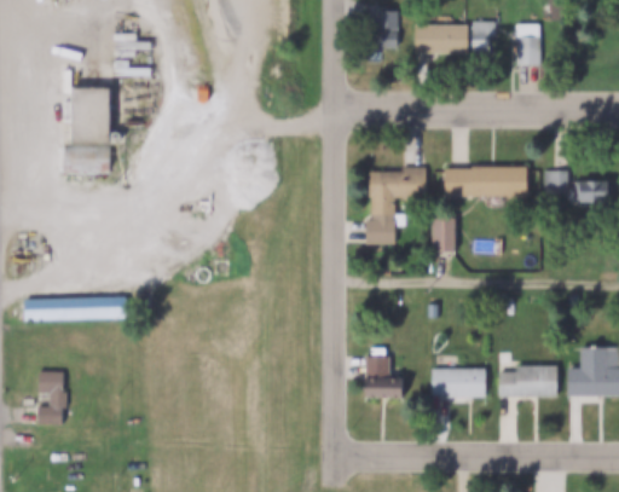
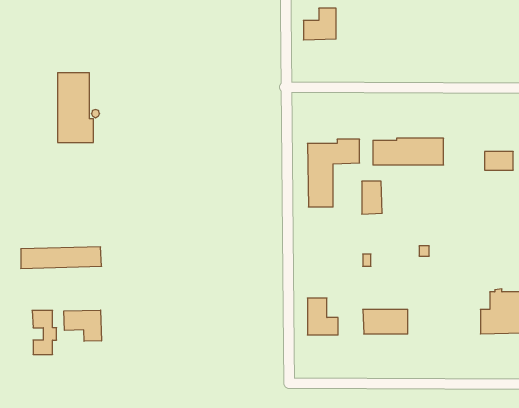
building: [413,21,493,54] -> none
building: [516,35,540,66] -> none
building: [546,169,573,193] -> none
building: [498,365,560,397] -> none
building: none -> [64,310,101,341]

